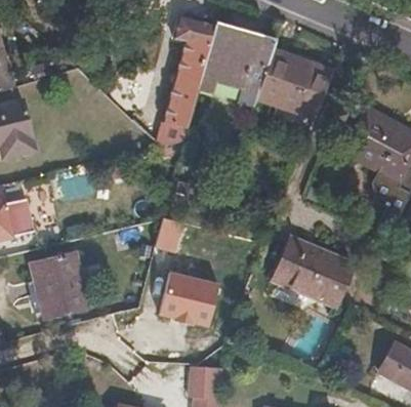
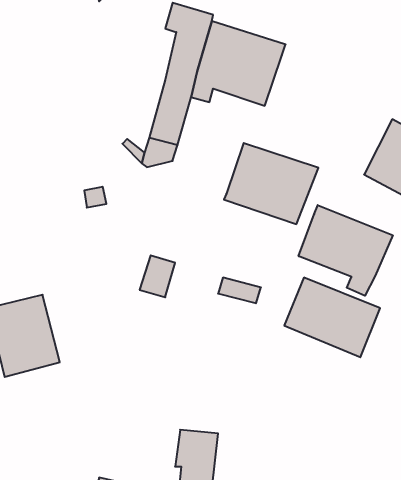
building: [256,51,335,119] -> [224,143,318,224]
building: none -> [299,205,393,296]
building: [157,272,219,327] -> none

